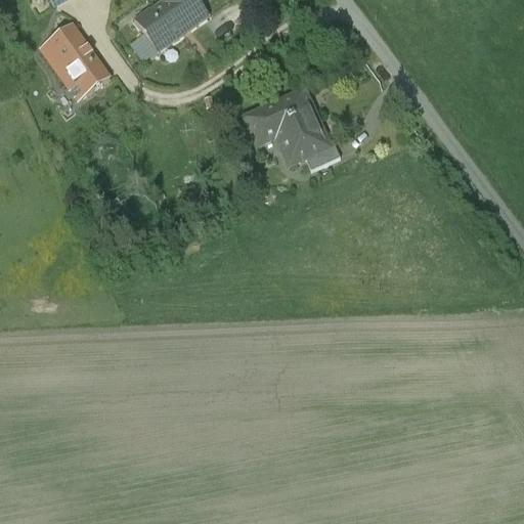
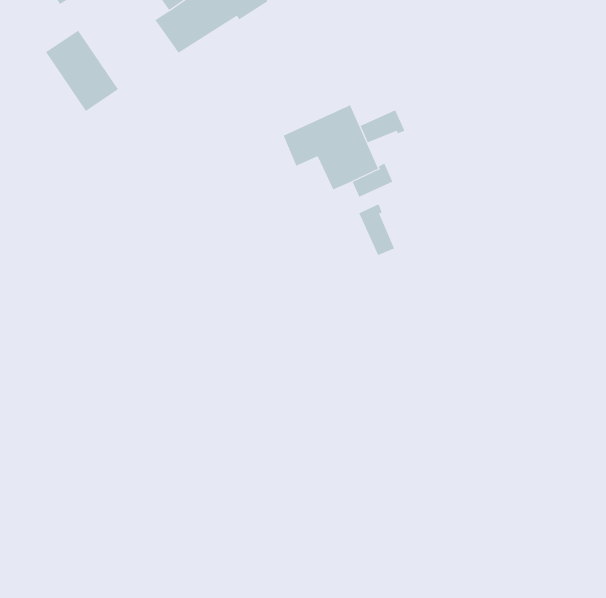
building: none -> [360,110,405,143]
building: none -> [359,203,395,256]

